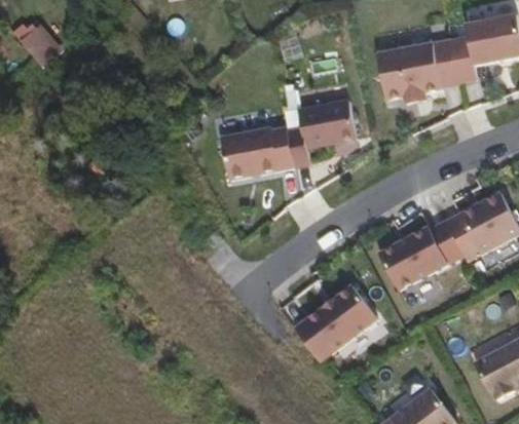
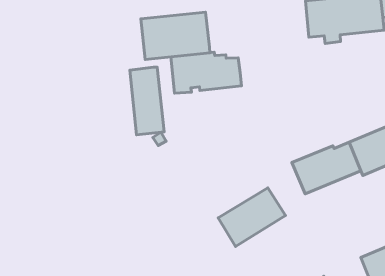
building: none -> [141,12,210,60]
building: [298,101,356,148] -> none
building: none -> [130,67,164,135]

